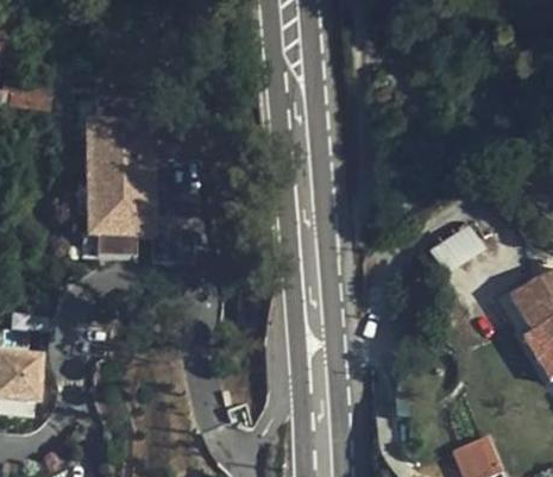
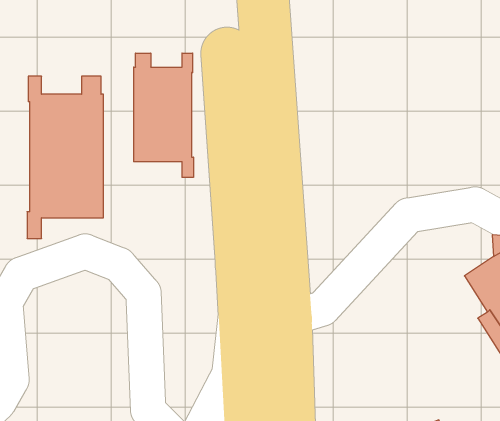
building: none -> [134,53,193,177]

